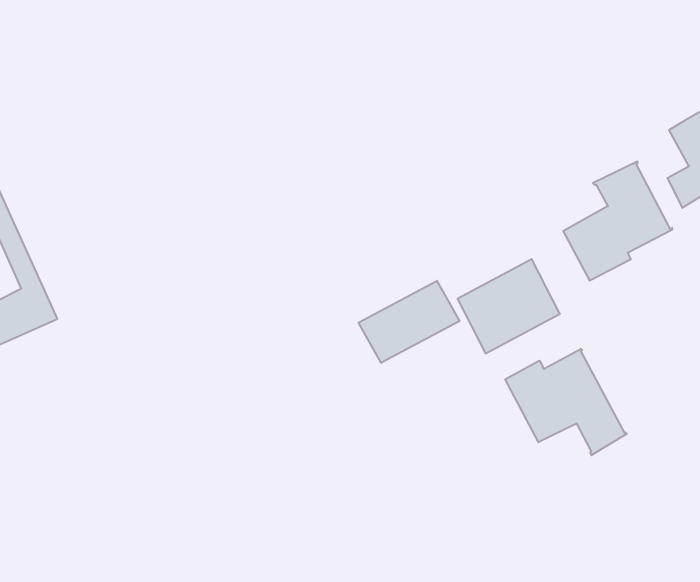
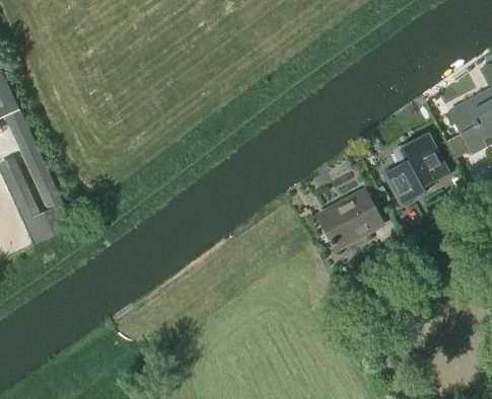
building: [359,281,460,363] -> none
building: [505,349,627,455] -> none

